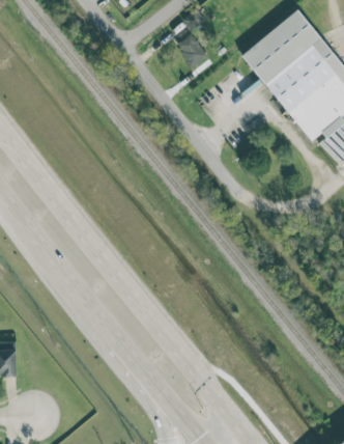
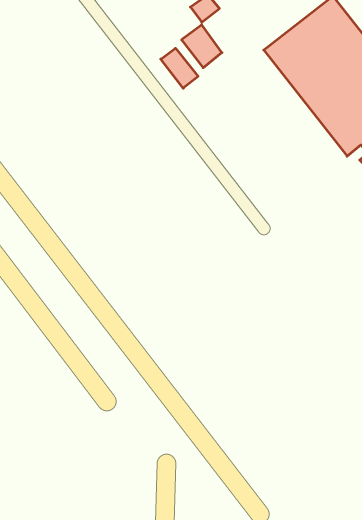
building: none -> [161,48,198,88]

